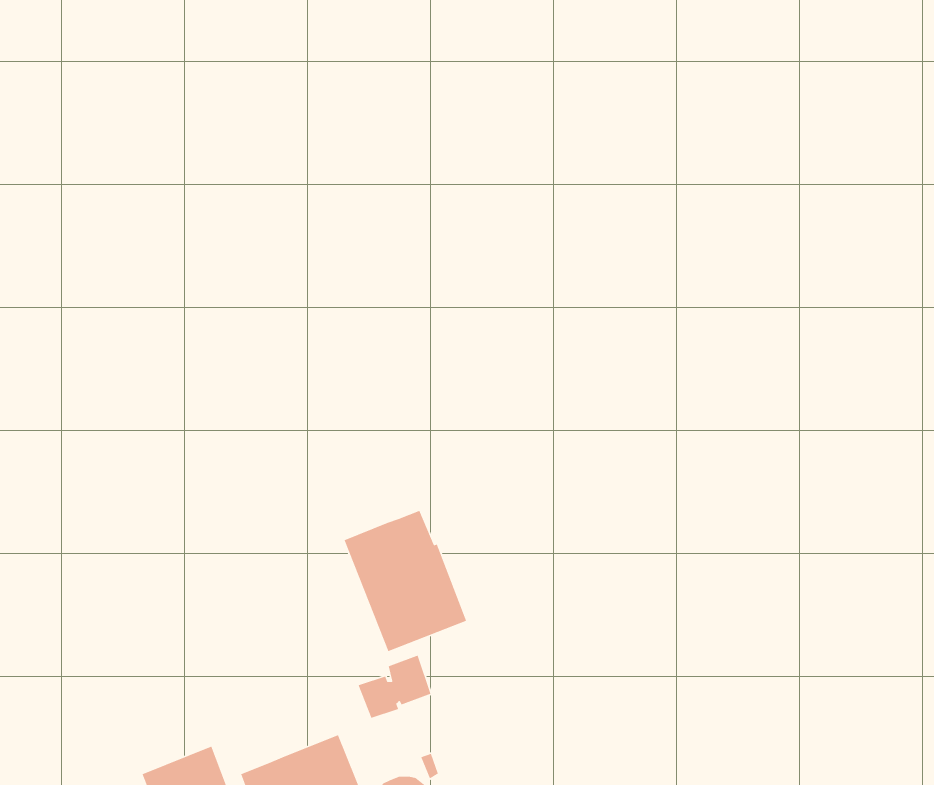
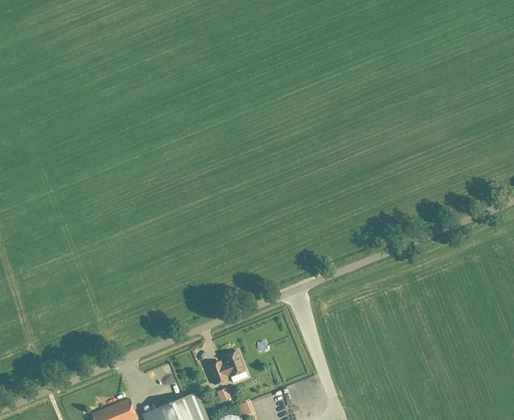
building: [343,510,467,652] -> none

